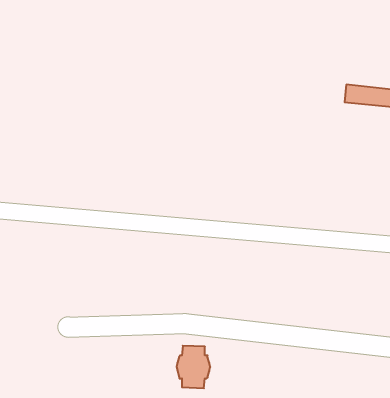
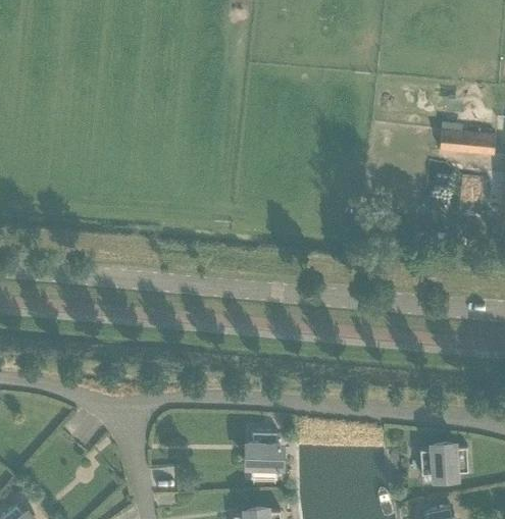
building: none -> [419,442,469,480]

